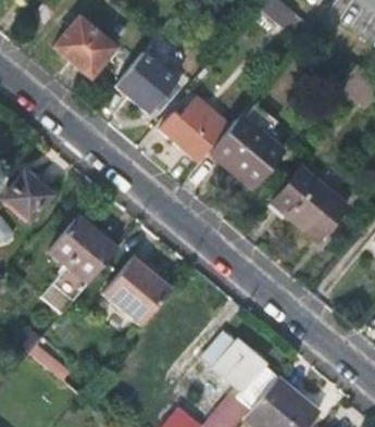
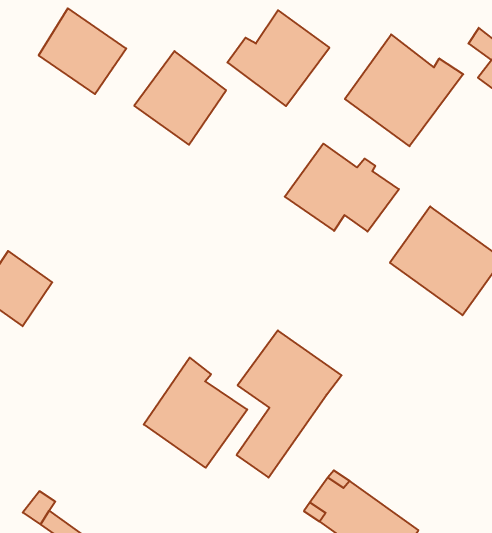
building: none -> [345,34,463,146]
building: [160,96,227,159] -> [227,10,329,106]
building: [43,218,116,314] -> [237,330,342,478]

